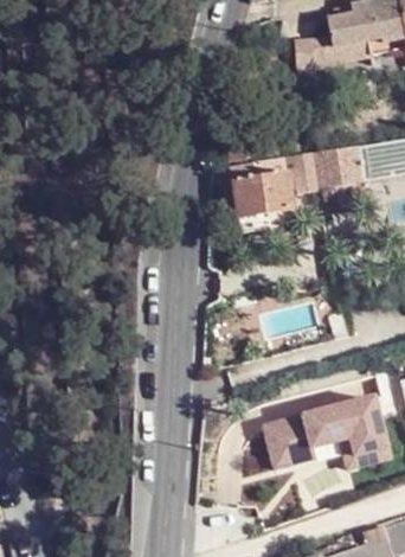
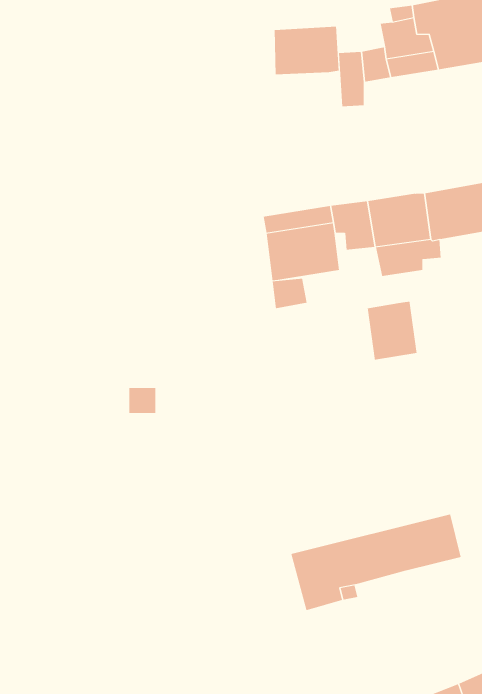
building: none -> [274,26,339,75]
building: none -> [367,301,417,361]
building: [345,429,394,468] -> none

